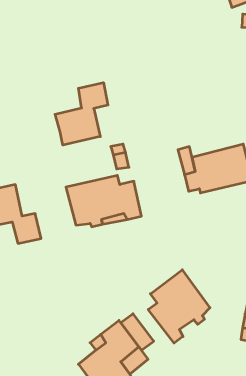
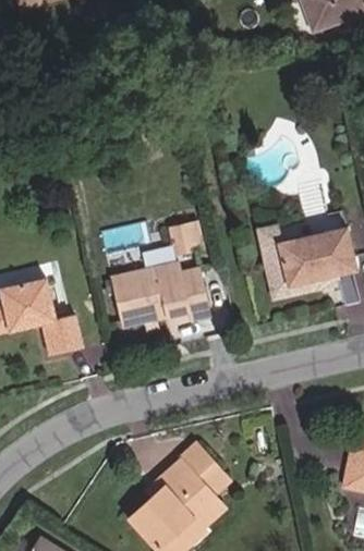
building: [55,83,108,145] -> none
building: [148,270,210,343] -> none

